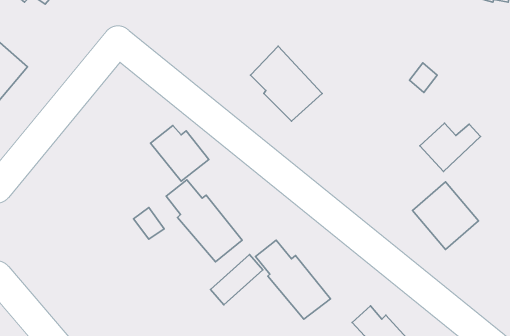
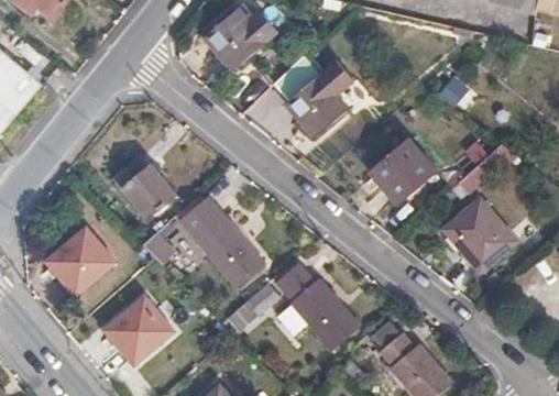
building: none -> [202,12,275,73]
building: none -> [372,139,438,206]
building: [150,126,209,181] -> [112,157,175,217]
building: none -> [42,224,108,288]
building: none -> [101,293,167,359]

